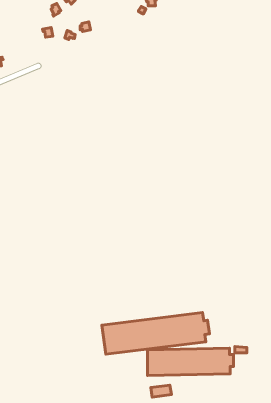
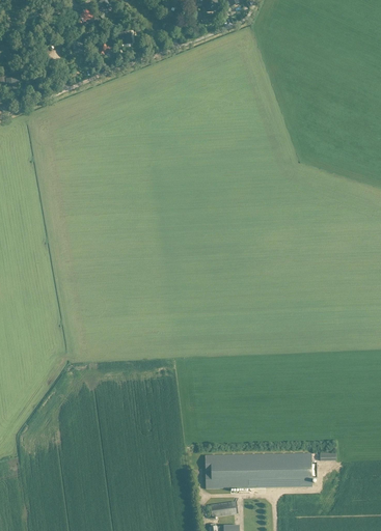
building: [102,313,210,354] -> none

